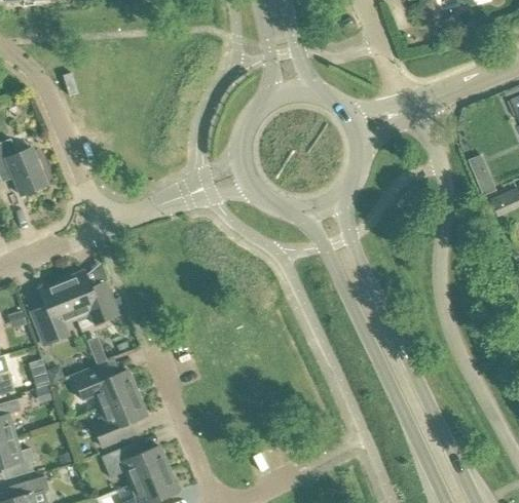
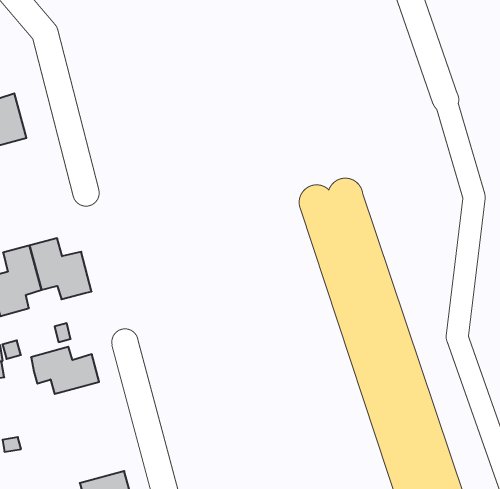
building: [92,393,146,448] -> none
building: [101,443,168,485] -> none

